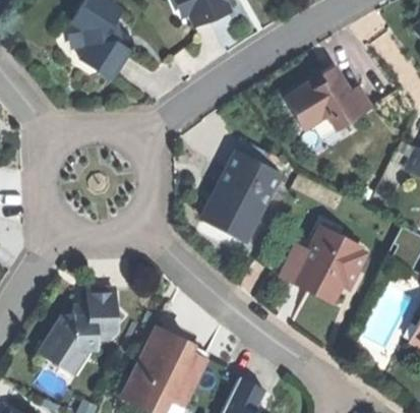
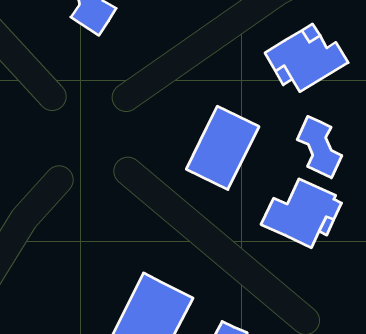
building: none -> [297,116,342,178]
building: [39,288,123,366] -> none

